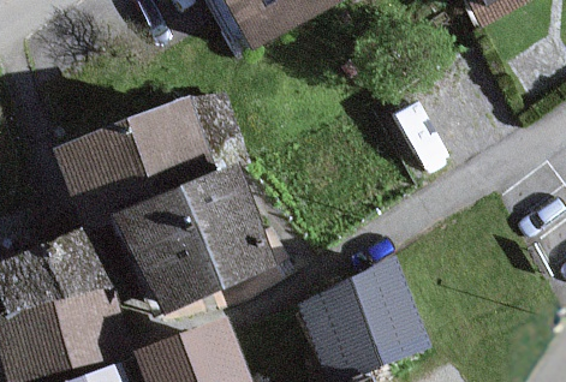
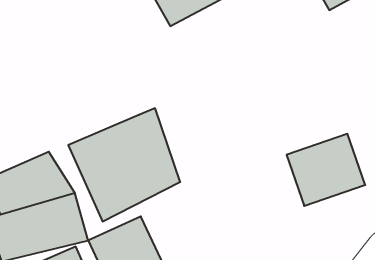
building: [52,97,211,226] -> none
building: [305,265,418,369] -> [287,134,365,206]

